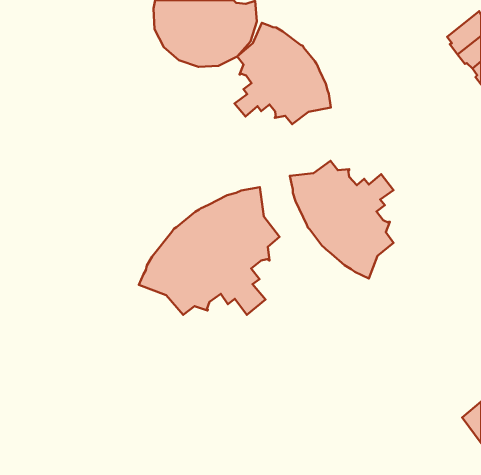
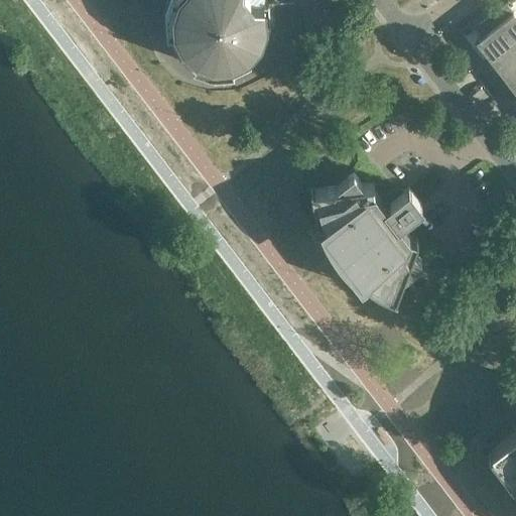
building: [235,23,331,124] -> none
building: [139,187,279,315] -> none

